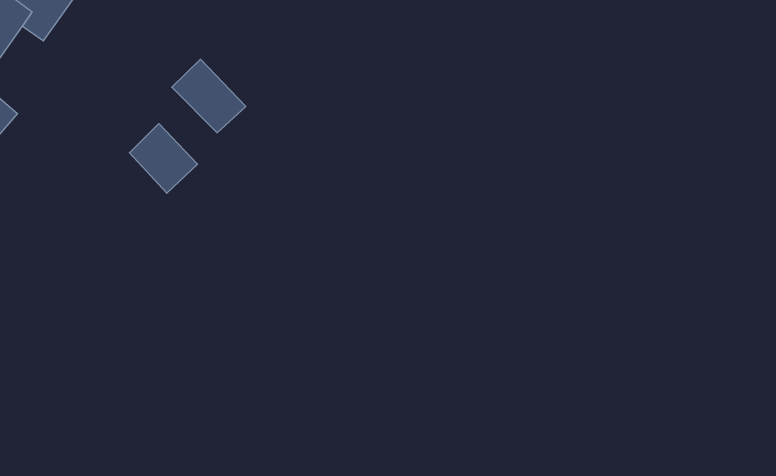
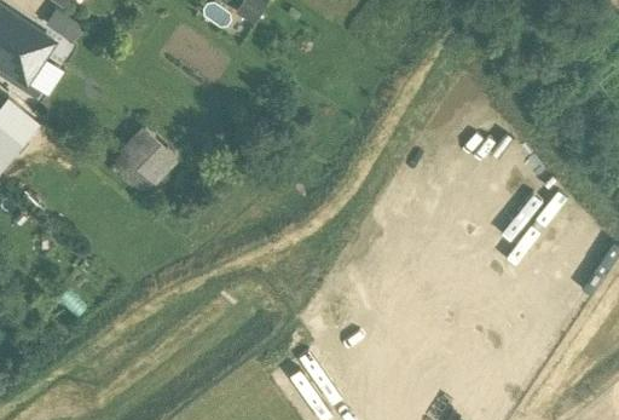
building: [172,59,246,133] -> none

